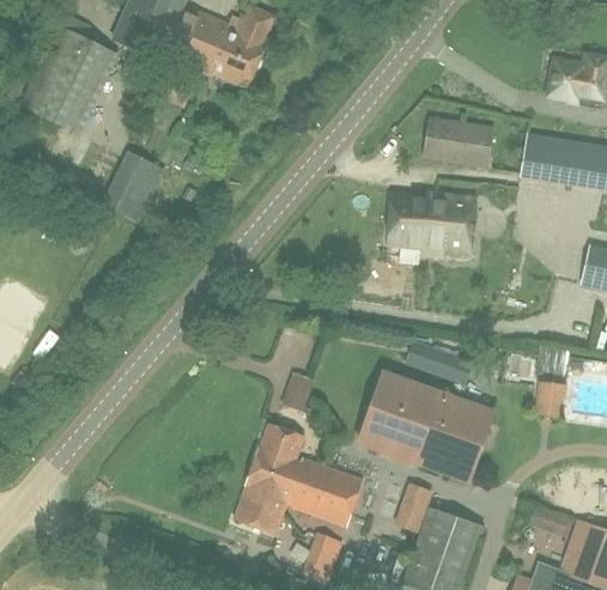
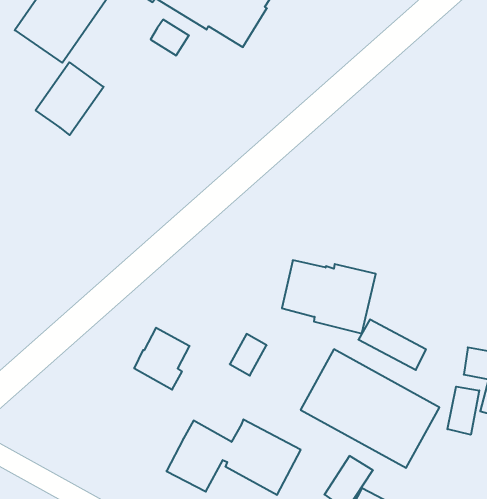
building: [424,116,492,165] -> none
building: [102,150,165,221] -> [36,62,104,135]
building: [388,193,475,257] -> [282,260,376,334]
building: none -> [447,387,479,435]
building: [253,421,304,480] -> [134,328,190,390]

